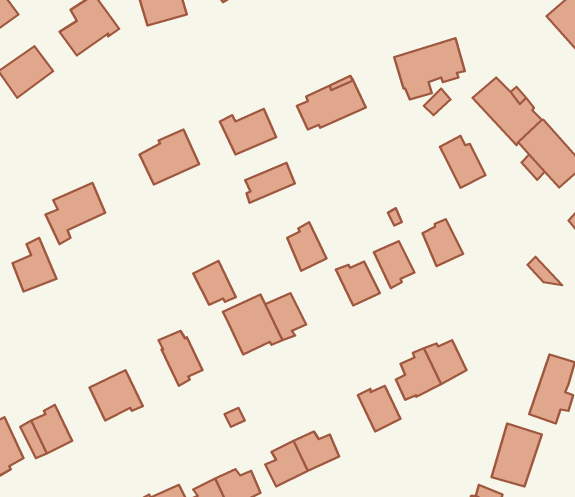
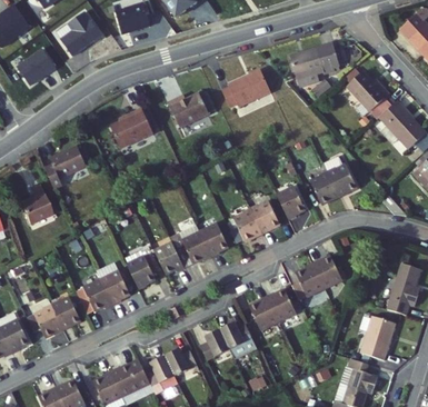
building: [440,136,485,188] -> [327,159,359,196]
building: [245,163,295,203] -> none
building: [287,222,326,271] -> [236,207,263,241]
building: [193,261,236,305] -> [156,241,186,272]
building: none -> [99,261,132,304]
building: none -> [250,296,279,329]
building: none -> [52,297,82,328]

